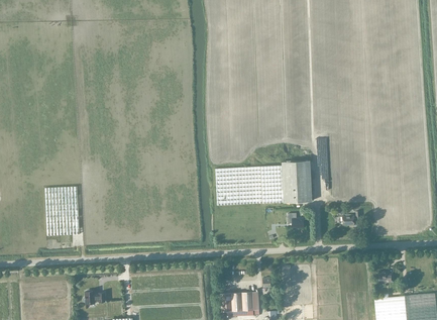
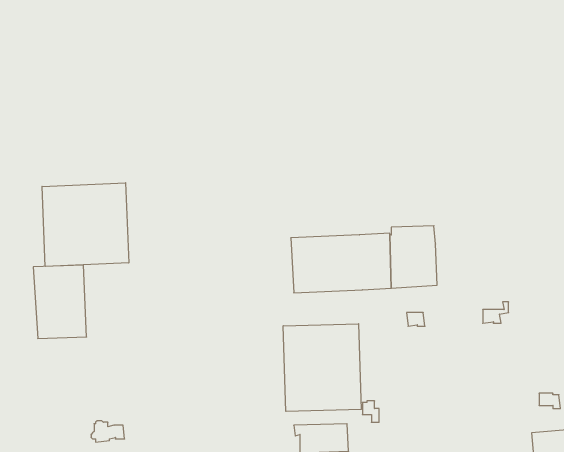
building: none -> [42,183,129,266]
building: none -> [283,324,361,411]

